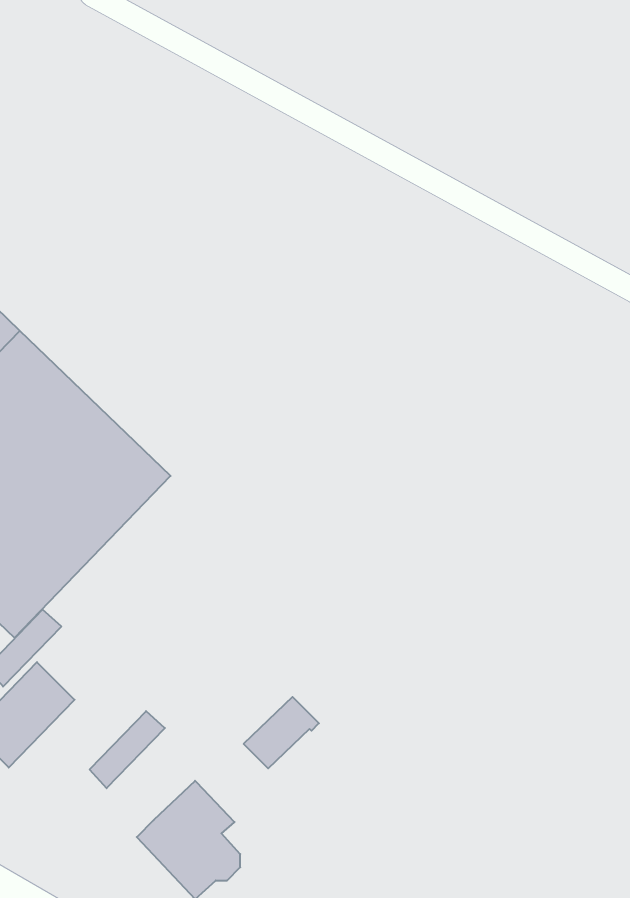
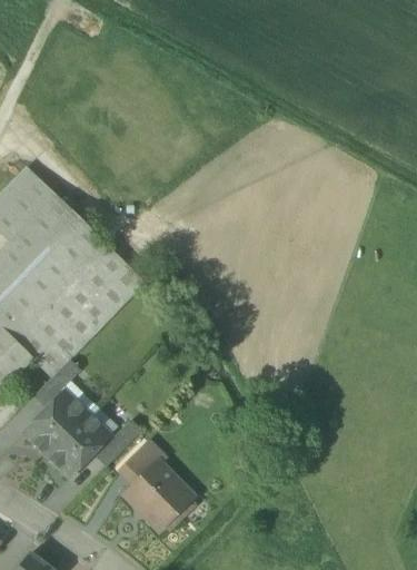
building: [244,697,319,768] -> [119,443,163,485]
building: none -> [48,414,109,475]

